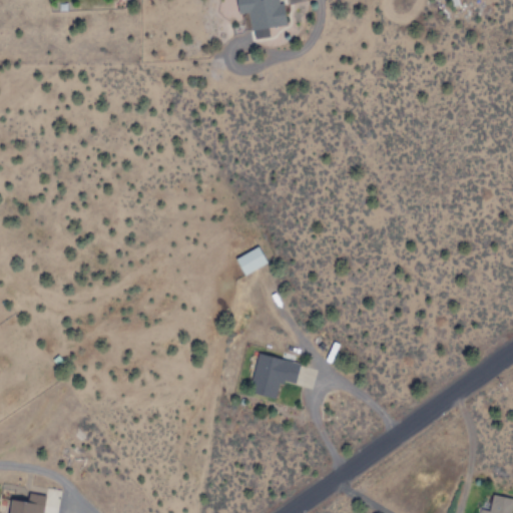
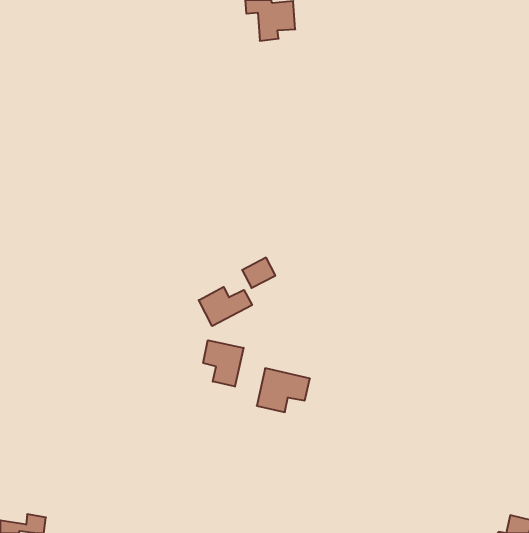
building: none -> [199,287,252,326]
building: none -> [203,340,244,387]

